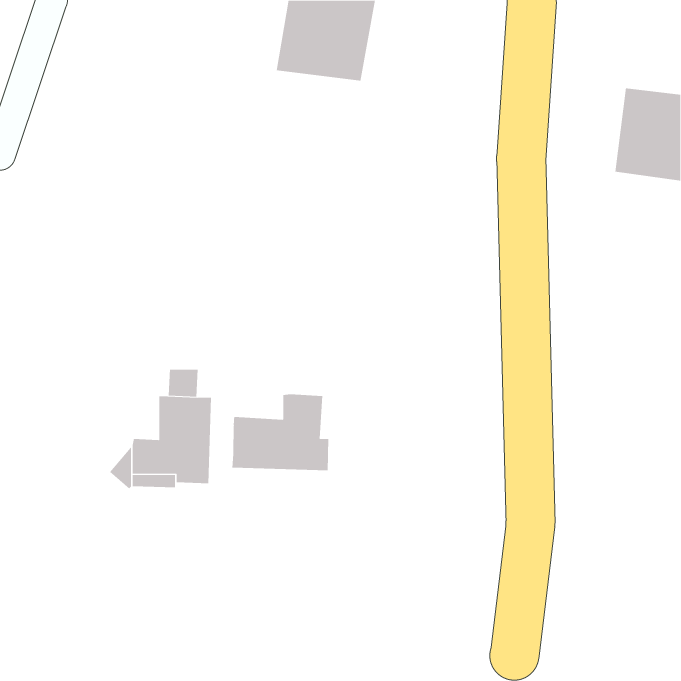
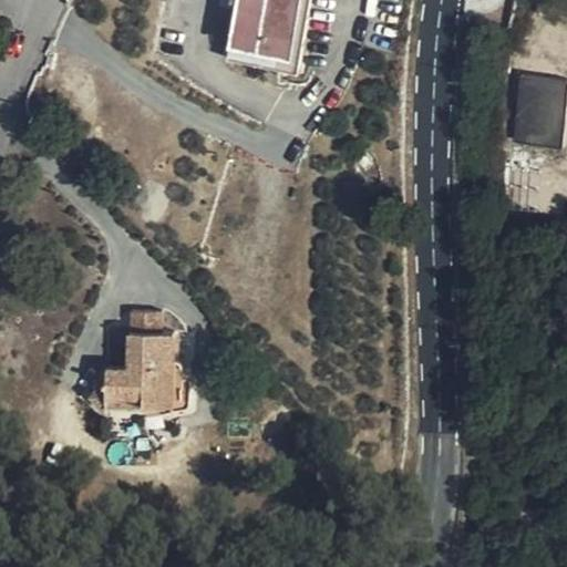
building: [232,393,329,471] -> none

